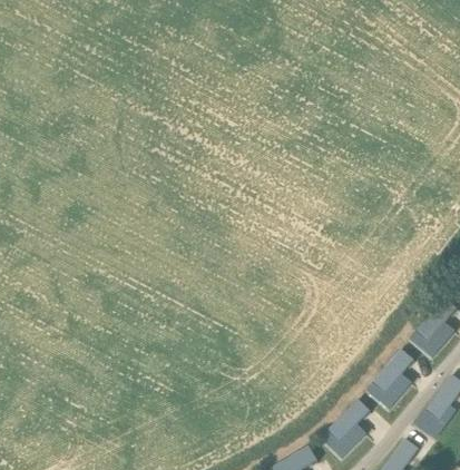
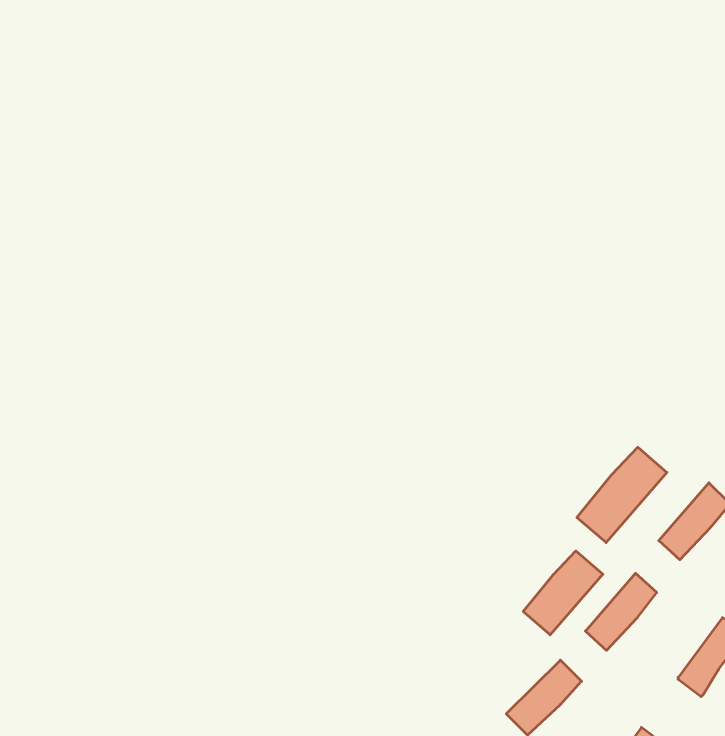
building: none -> [577,447,667,543]
building: none -> [523,551,603,635]

